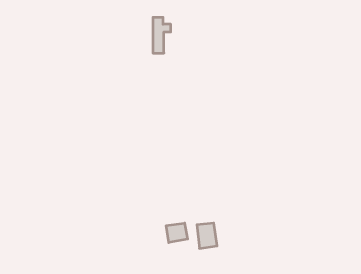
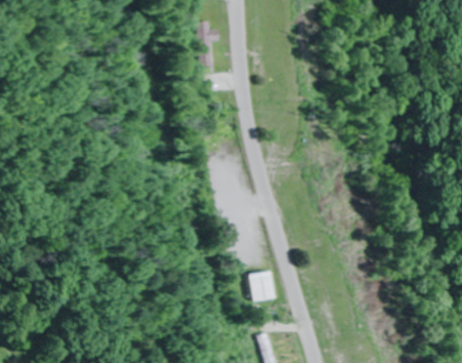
building: [166,223,188,243] -> none

